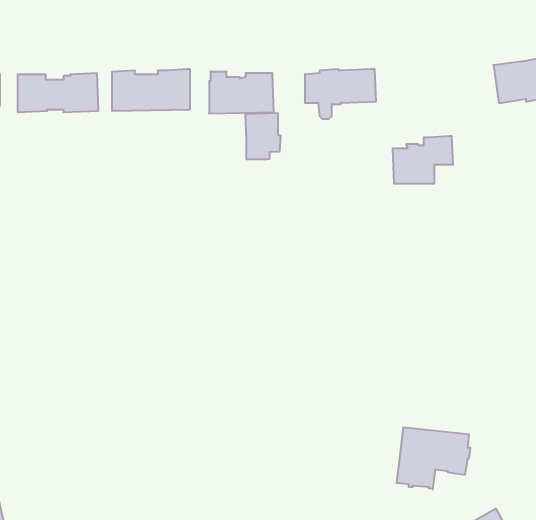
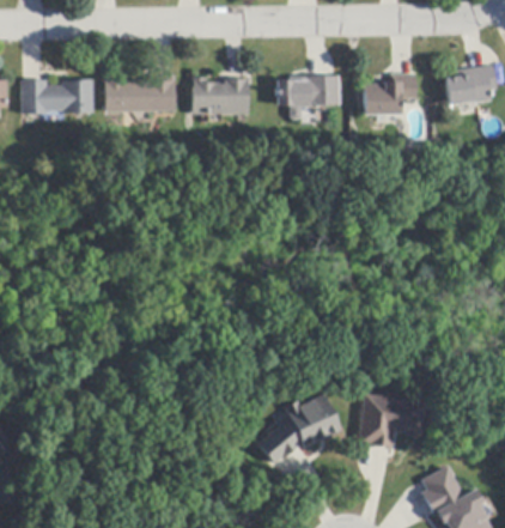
building: [246,113,280,160] -> none
building: [393,136,453,183] -> [363,73,416,115]
building: none -> [258,394,341,465]

